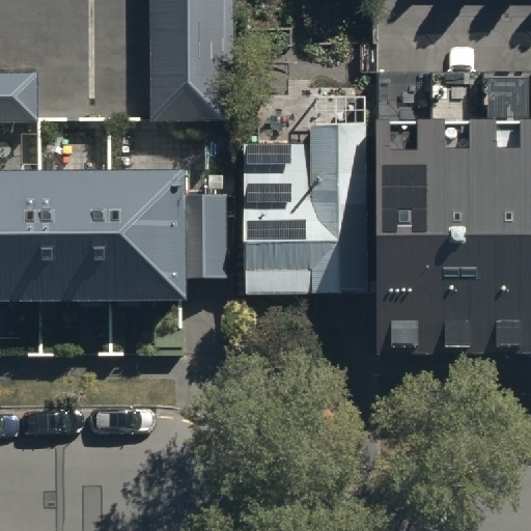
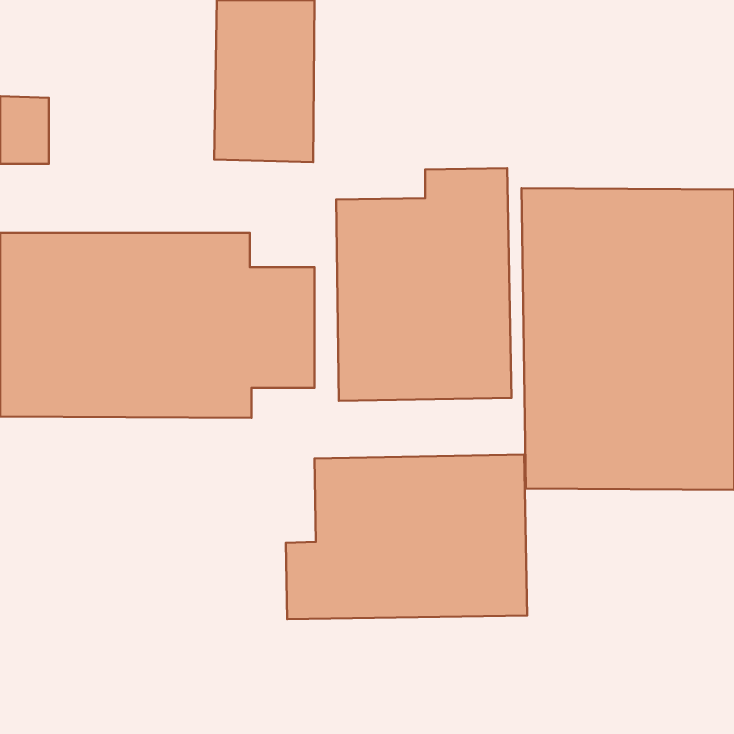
building: none -> [286,455,527,619]

